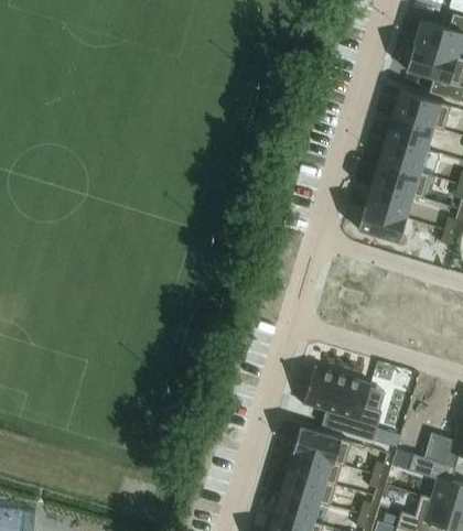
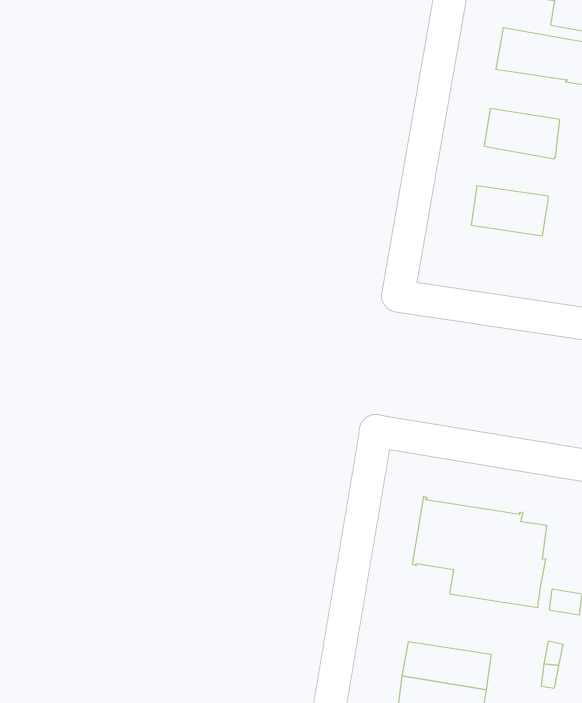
building: [387,113,435,149] -> none
building: [373,159,432,198] -> none
building: [359,205,408,241] -> none
building: [294,425,353,466] -> none

